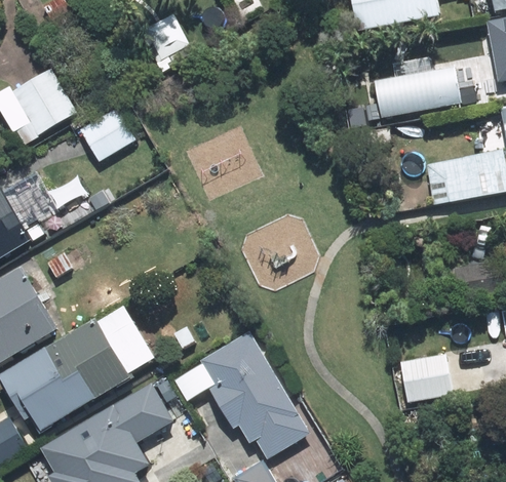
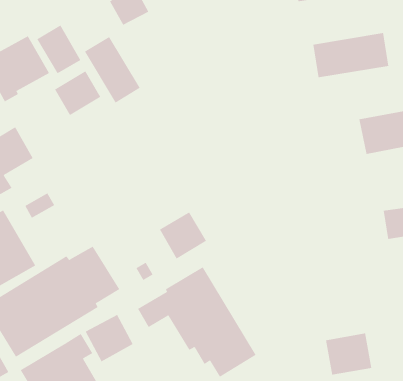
building: none -> [36,24,81,74]
building: none -> [84,36,141,103]
building: none -> [159,211,207,259]
building: [399,354,453,402] -> [325,333,372,375]

